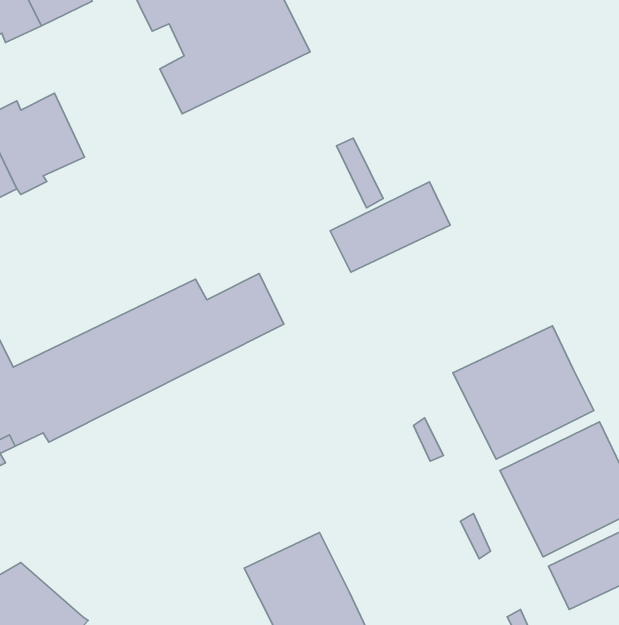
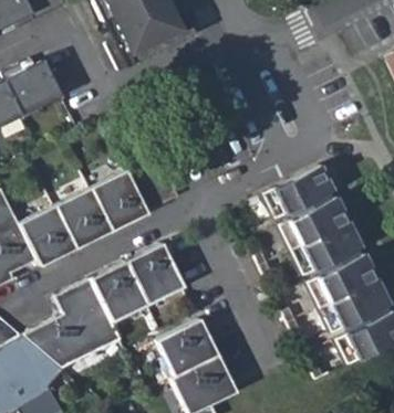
building: [330,182,450,272] -> [262,165,333,218]
building: none -> [21,242,184,368]

